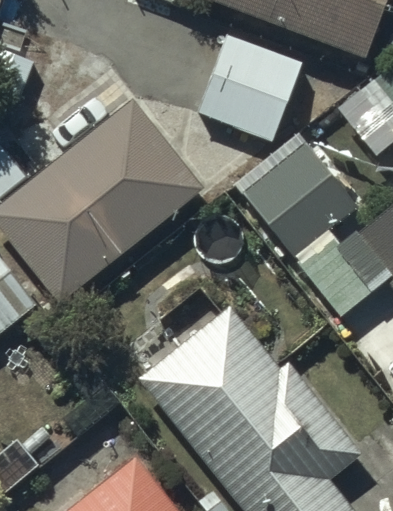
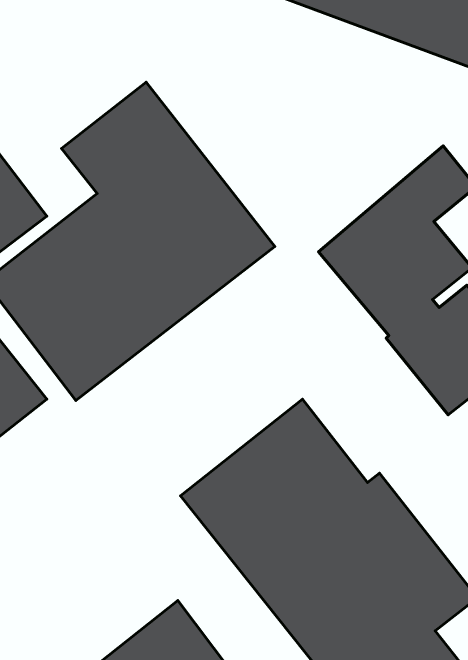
building: [196,34,303,142] -> none

